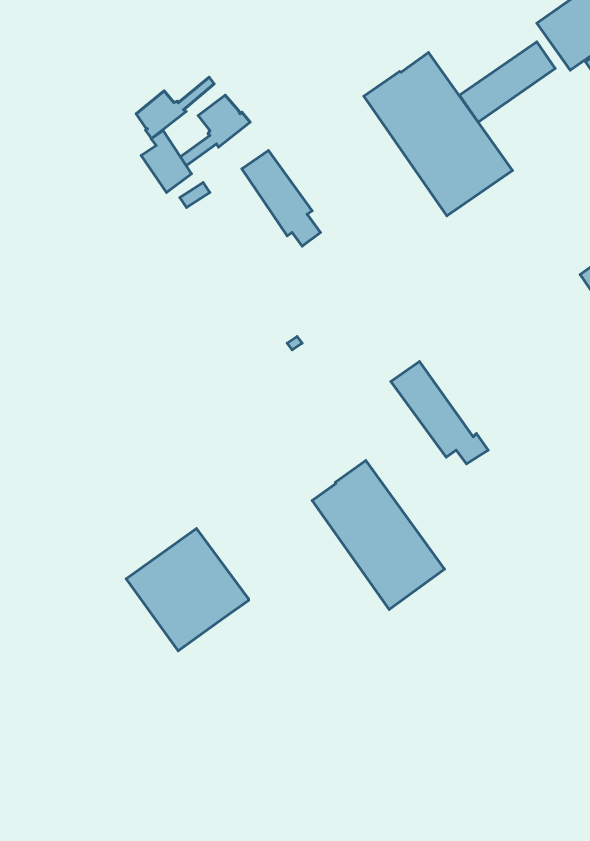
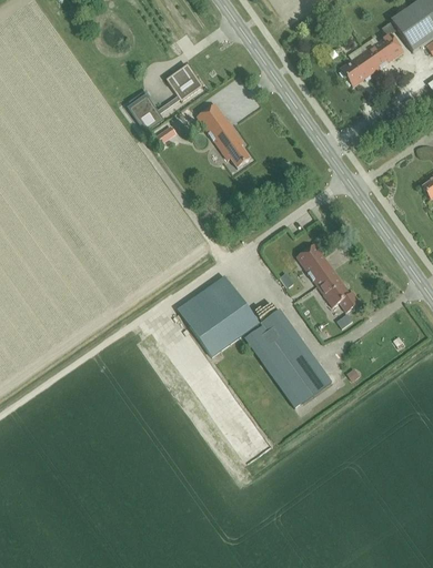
building: [364,53,513,216] -> none
building: [136,77,214,139] -> none
building: [126,529,248,651] -> [178,276,259,357]

